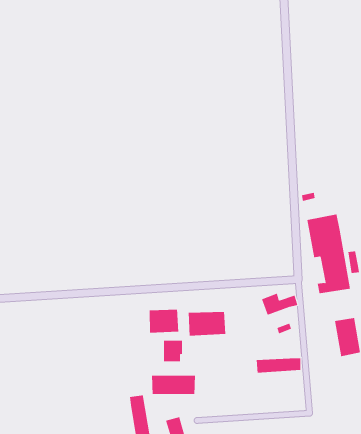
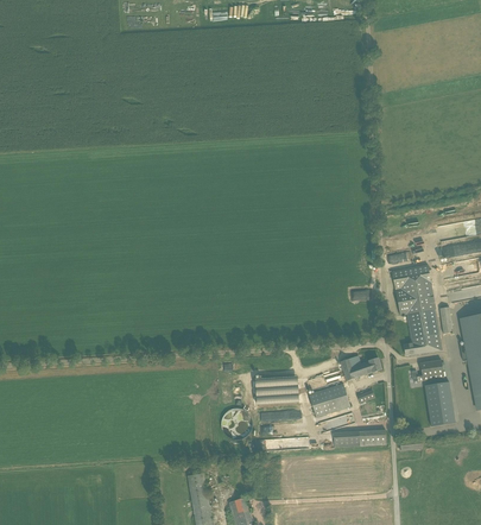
building: [149,309,179,333] -> none
building: none -> [308,382,349,416]
building: [152,375,195,395] -> none

